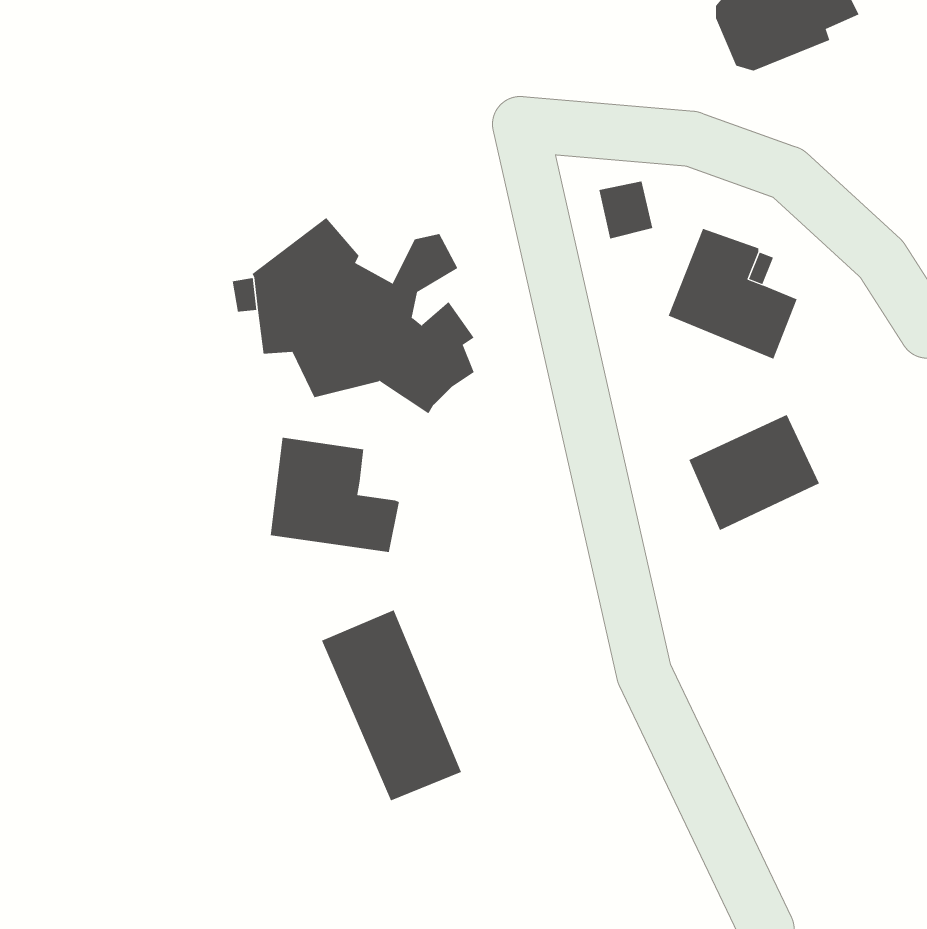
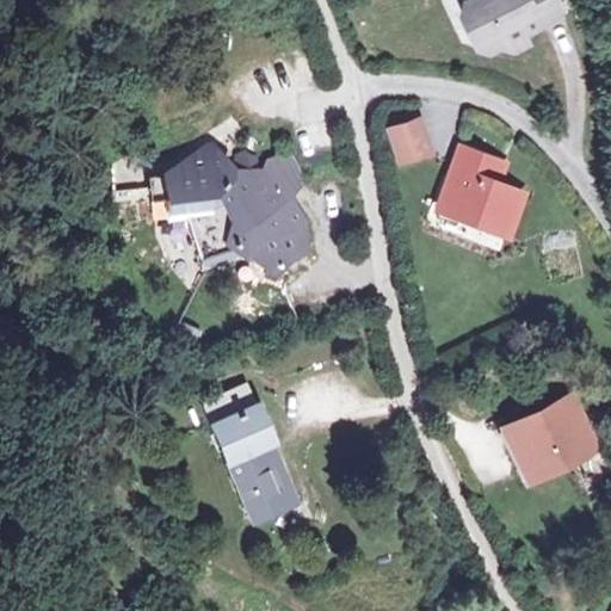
building: [689,414,820,531] -> [505,396,591,473]
building: [270,437,399,553] -> none

